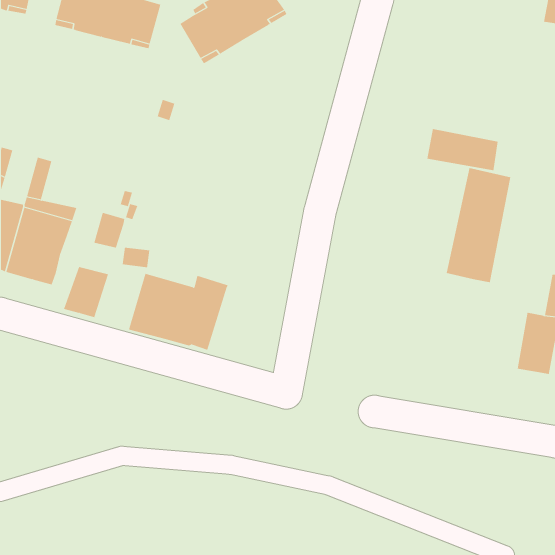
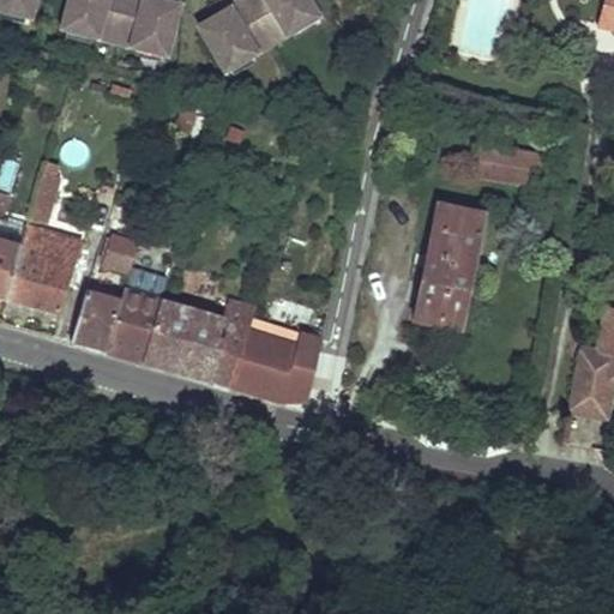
building: [446,167,511,283] -> [413,203,484,330]
building: none -> [106,291,161,362]
building: none -> [230,317,321,403]

